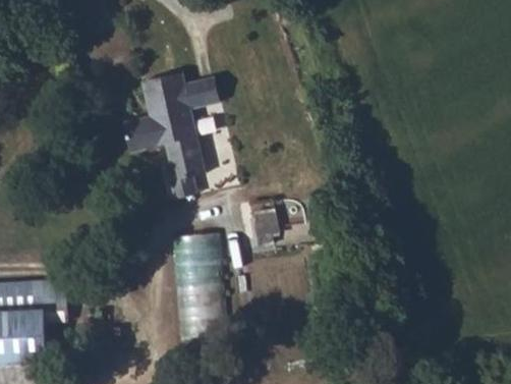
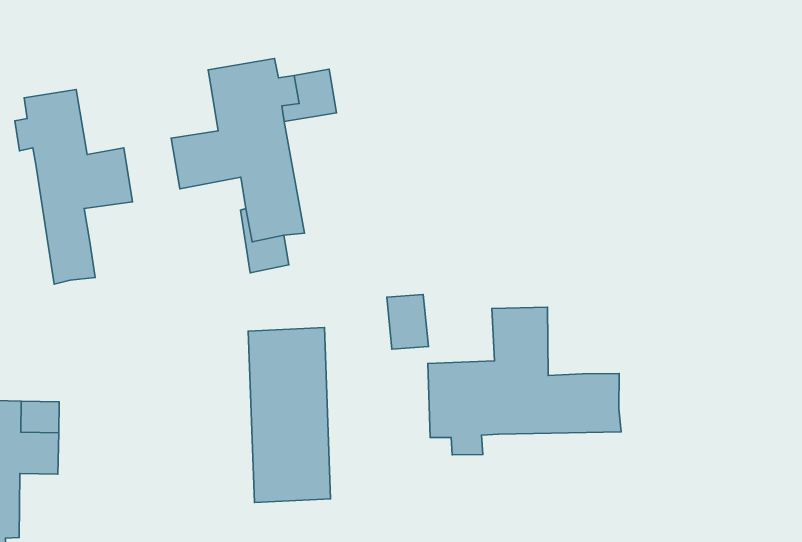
building: none -> [15,90,132,284]
building: none -> [428,307,621,455]

